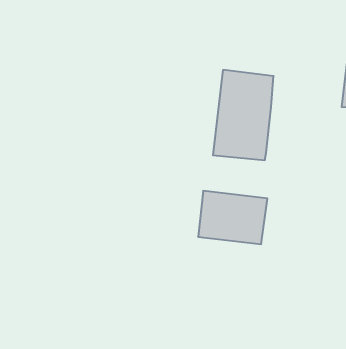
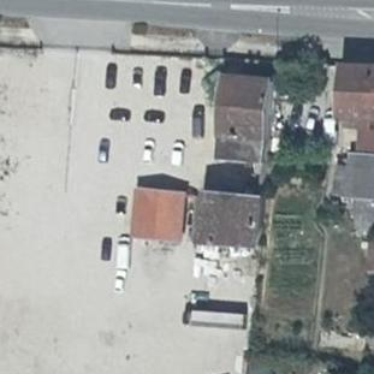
building: none -> [130,190,176,237]

